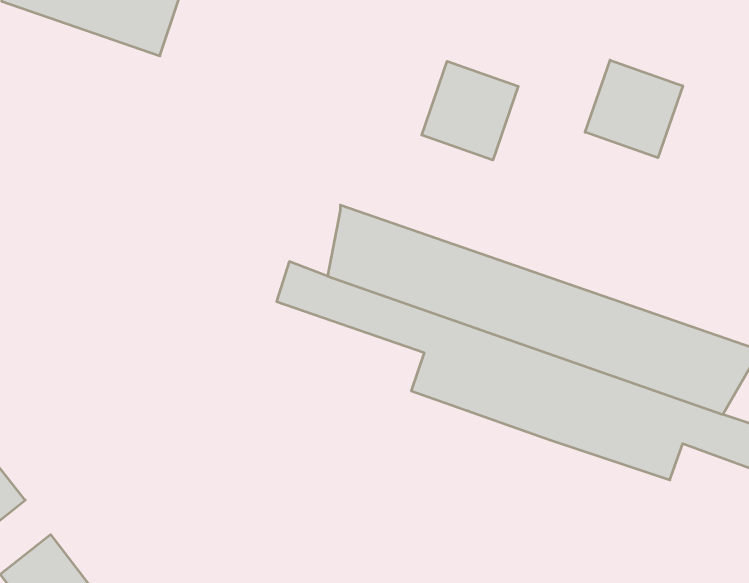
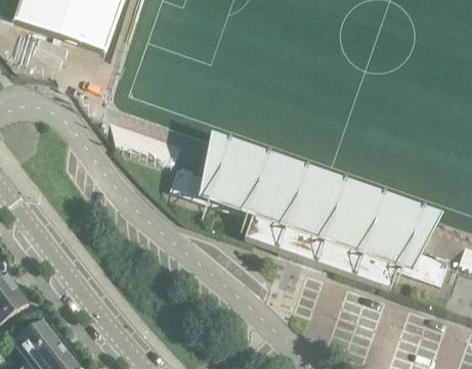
building: [585,60,683,158] -> none
building: [422,61,518,160] -> none

